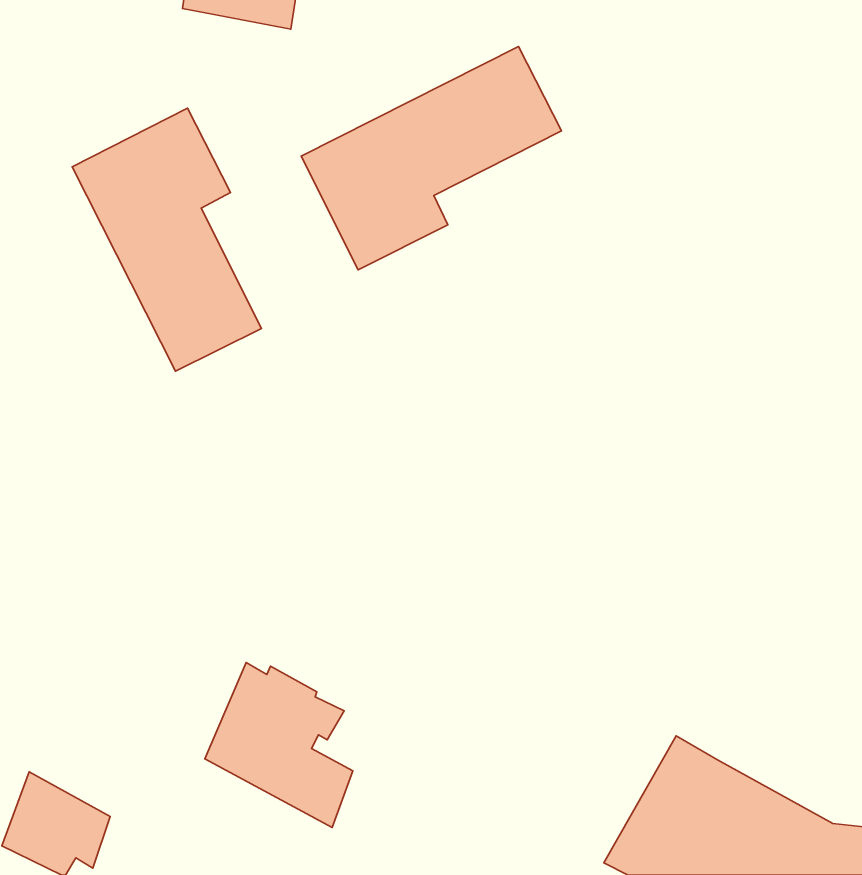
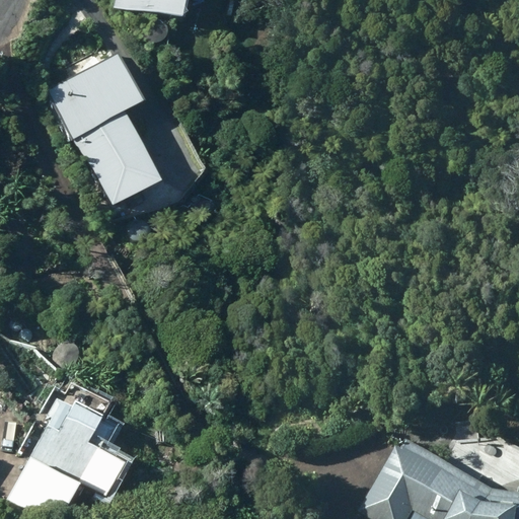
building: [301,47,561,270] -> none
building: [205,663,353,828] -> [33,397,121,495]

